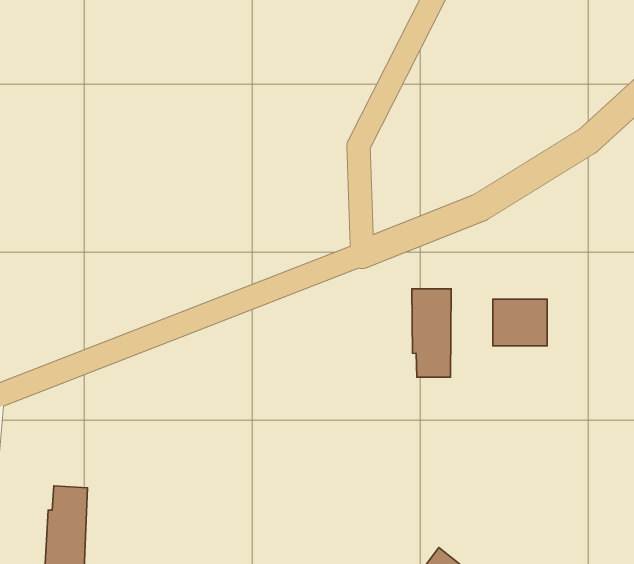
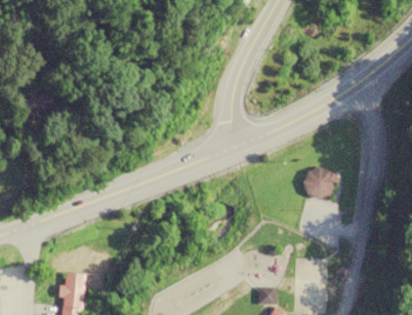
building: [412,289,451,377] -> none

